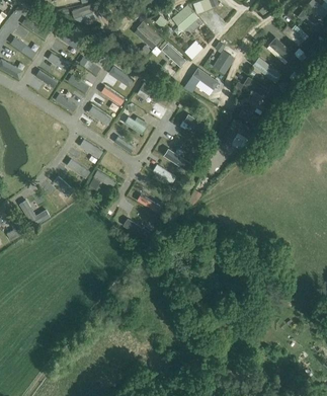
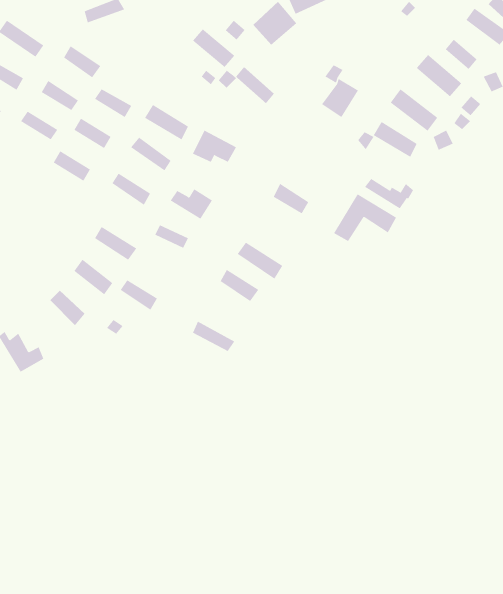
building: [188,69,219,96] -> none

